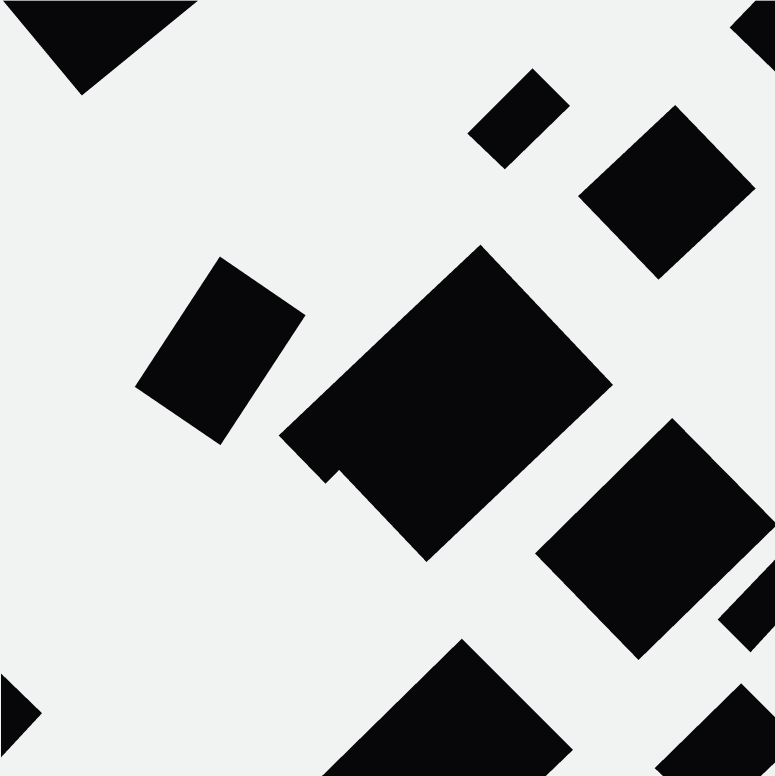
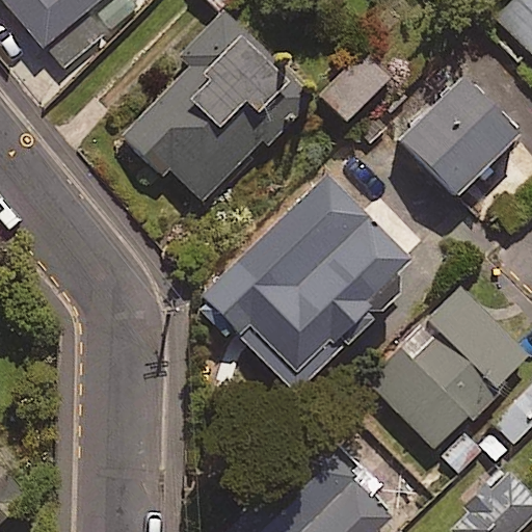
building: none -> [123,11,287,201]
building: [134,256,307,446] -> none

